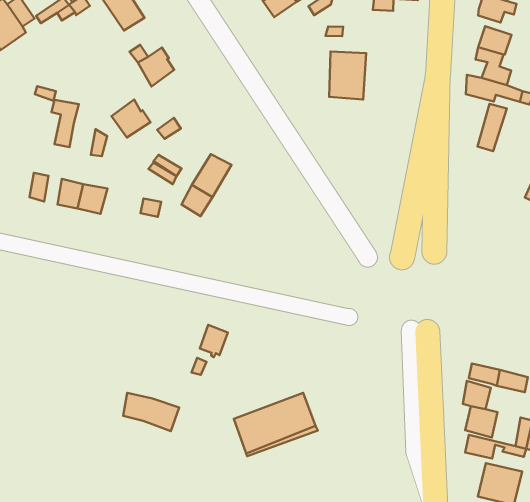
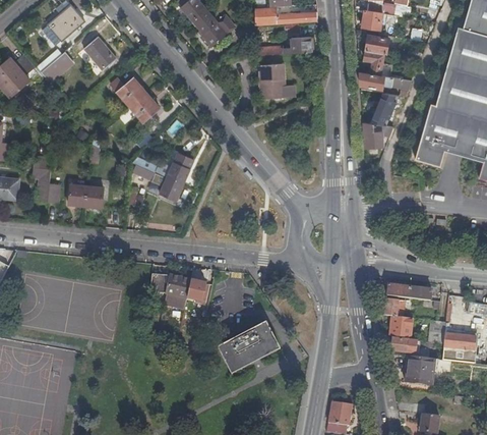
building: none -> [272,36,311,53]
building: [111,100,151,137] -> [128,94,158,122]
building: [52,100,79,147] -> [32,167,51,201]
building: none -> [363,121,393,147]
building: [123,393,179,431] -> [150,273,191,297]

